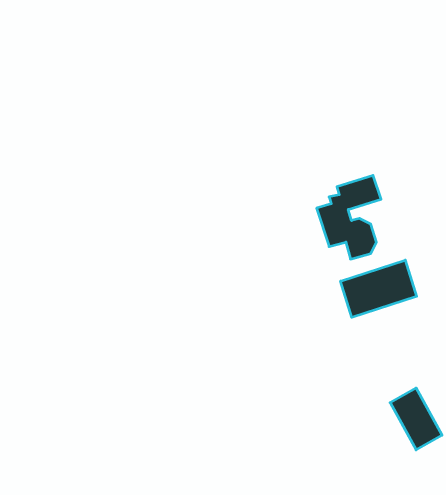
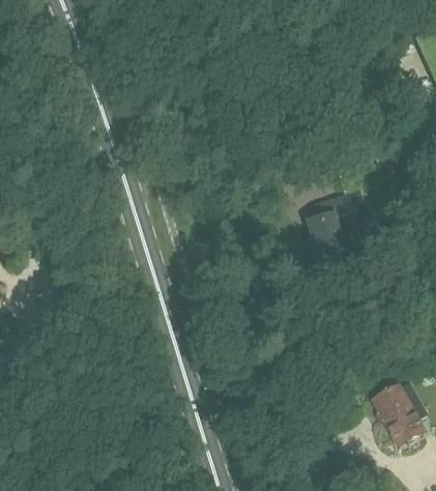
building: [341,260,417,317] -> none

